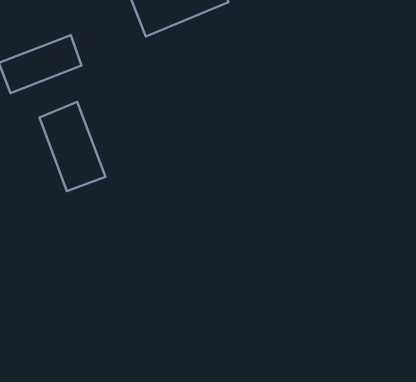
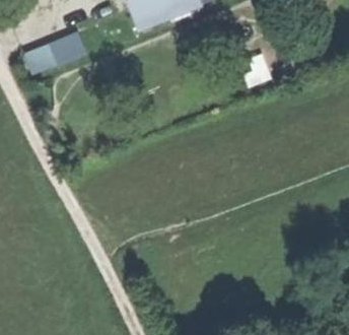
building: [39,102,106,191] -> none

